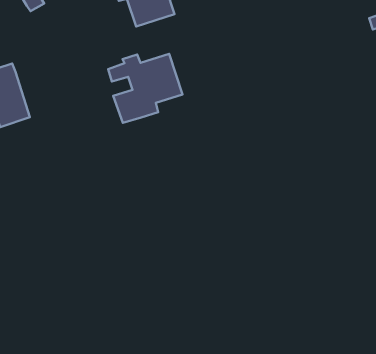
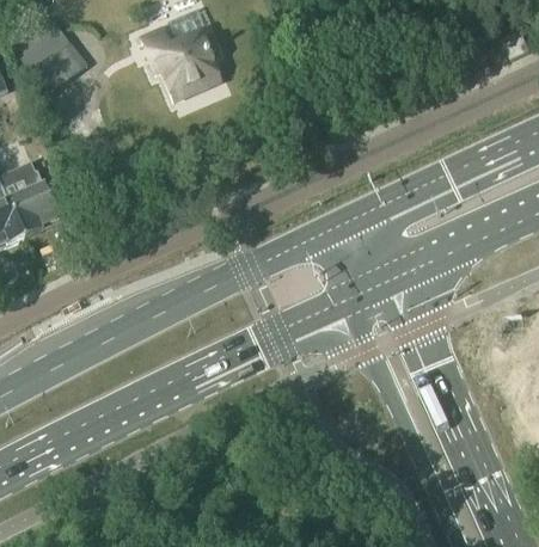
building: [108,54,182,123] -> none

